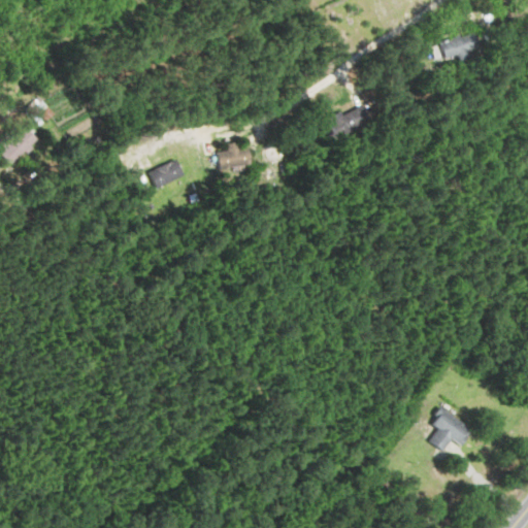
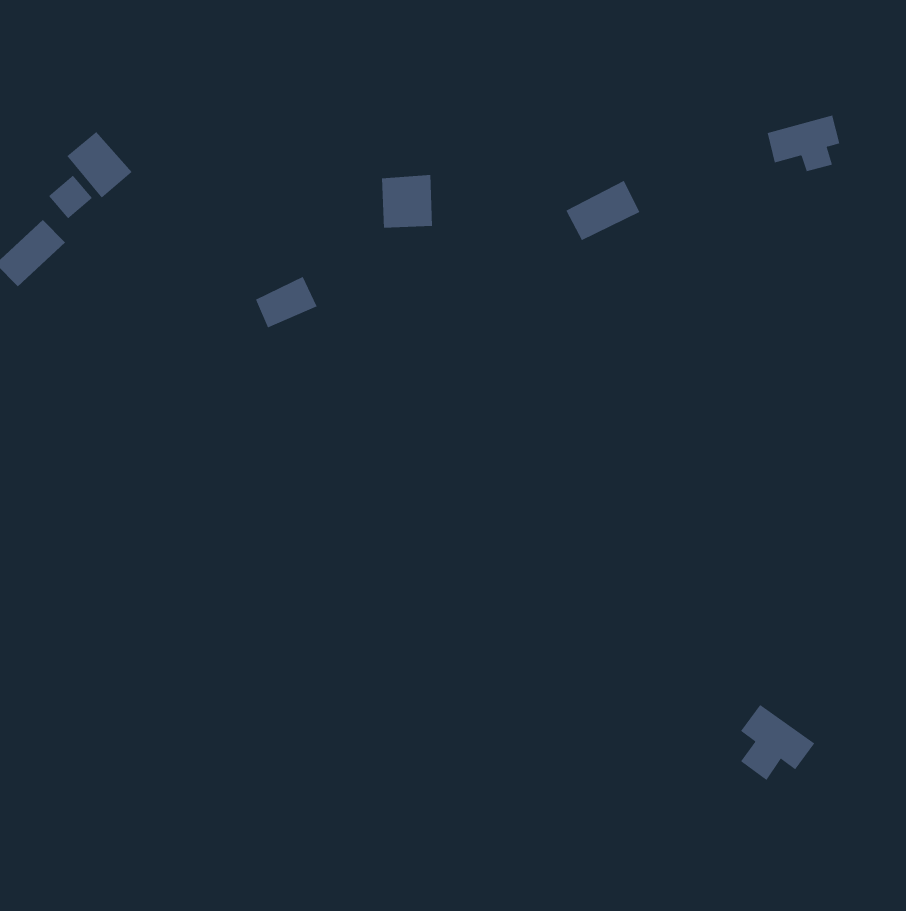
building: [438,32,481,65] -> [767,115,840,172]
building: none -> [66,131,132,198]
building: [219,145,249,176] -> [381,175,433,228]

